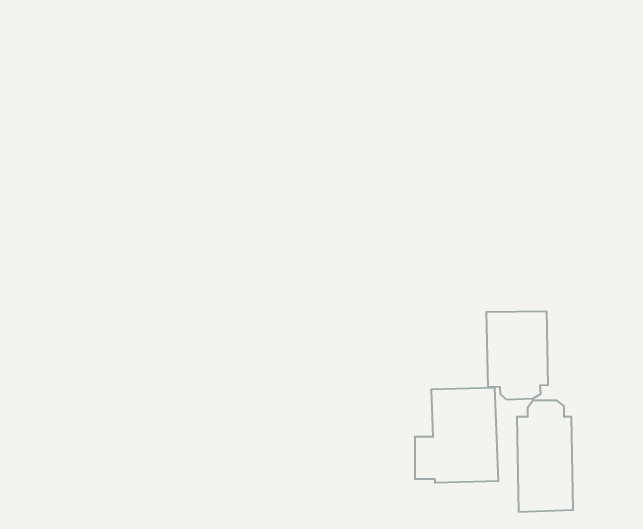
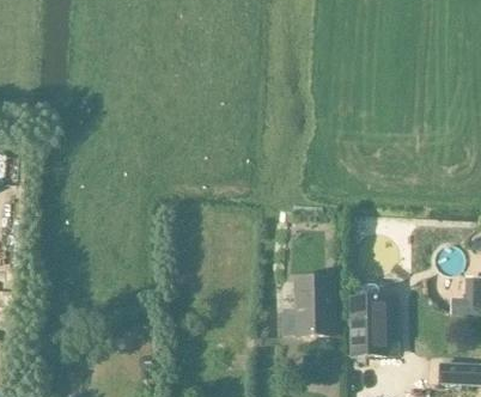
building: [487,311,548,400] -> none

